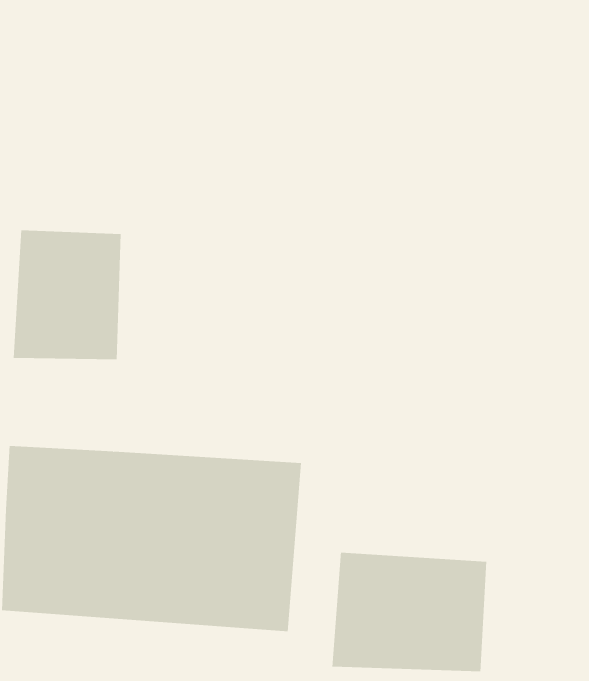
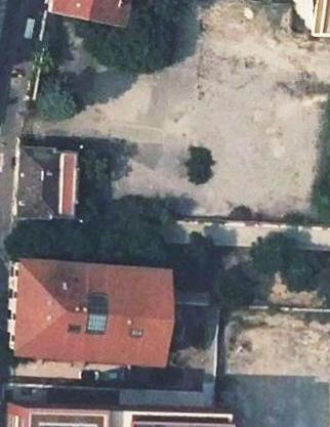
building: [332,552,487,672] -> none

